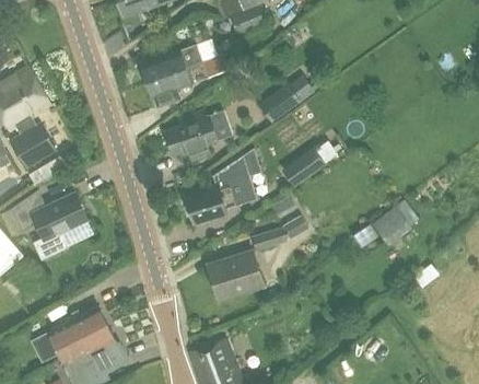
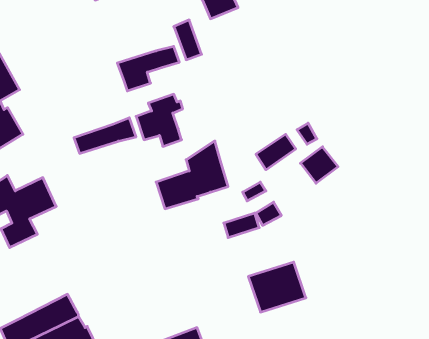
building: [141,44,202,79] -> [74,118,136,153]
building: [261,84,296,121] -> none
building: [373,208,410,244] -> [300,147,338,183]
building: [207,251,264,300] -> [248,262,306,312]

